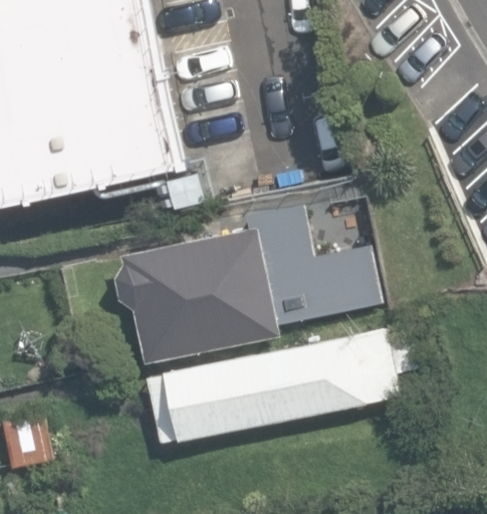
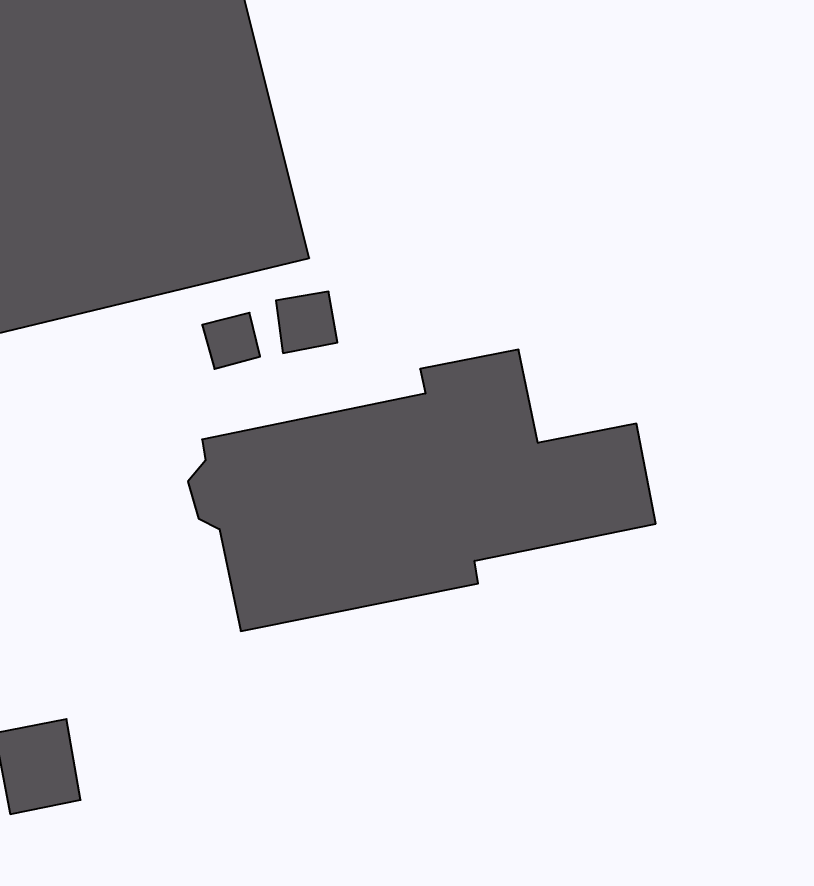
building: [145,329,402,445] -> none

